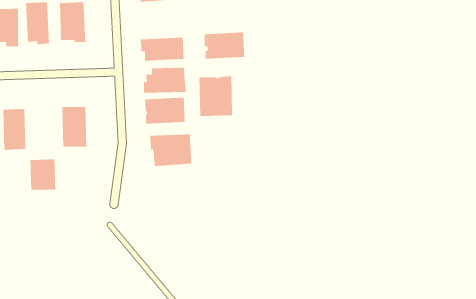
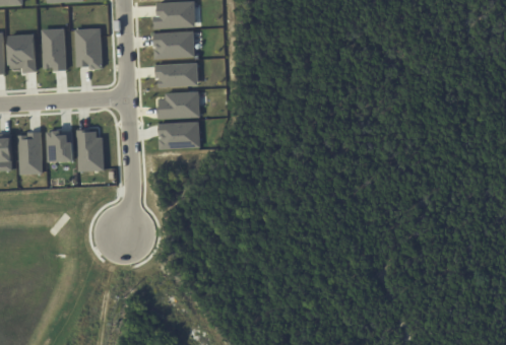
building: [204,32,245,60] -> [153,30,194,58]
building: [199,76,233,117] -> none
building: [149,134,192,167] -> none
building: [29,159,56,191] -> [48,130,74,161]

